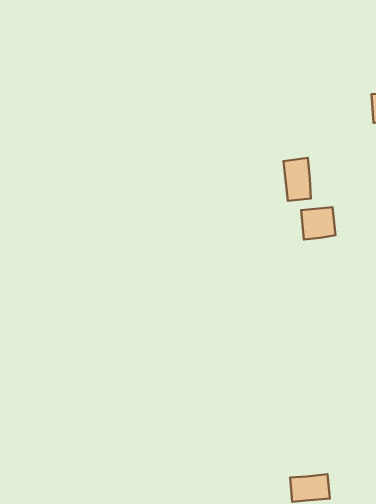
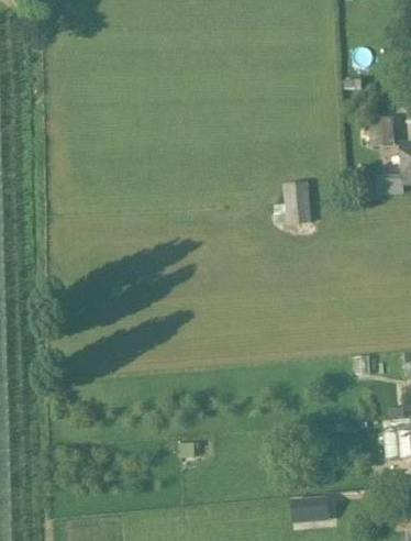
building: [301,207,335,240] -> none

